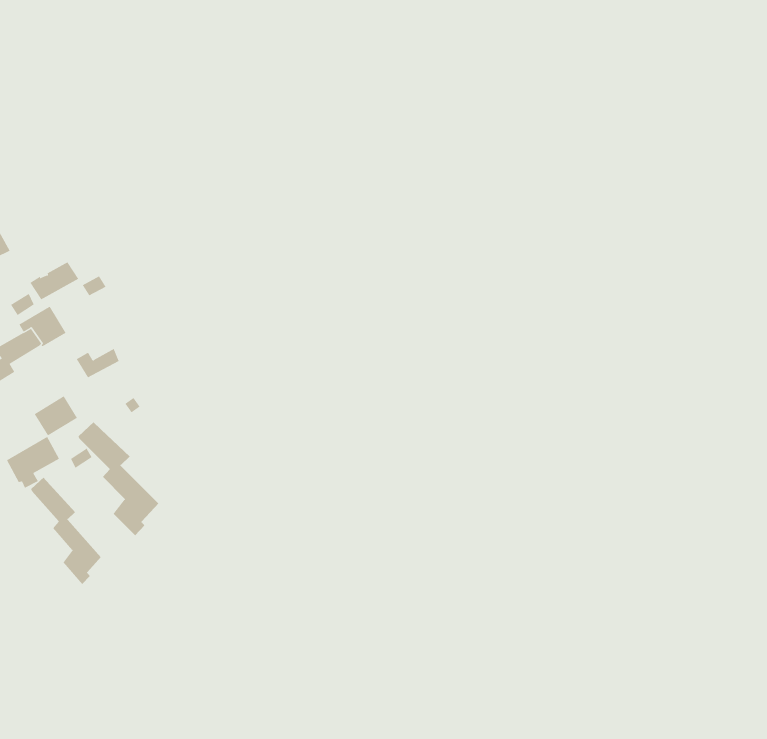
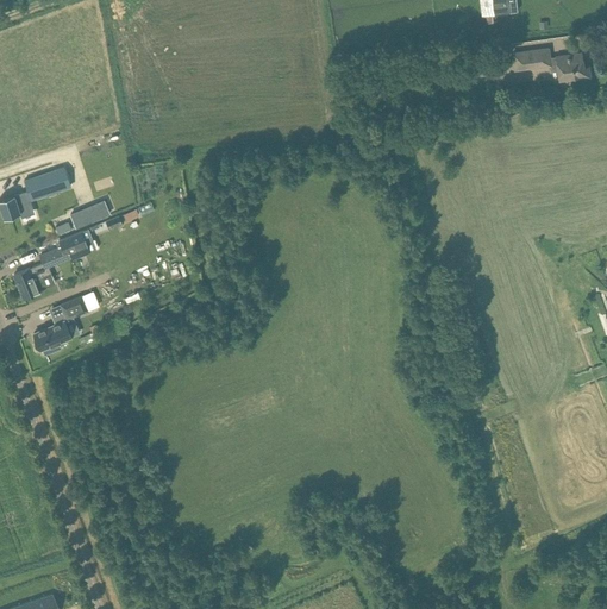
building: [78,421,159,536] -> none
building: [31,477,102,585] -> none

